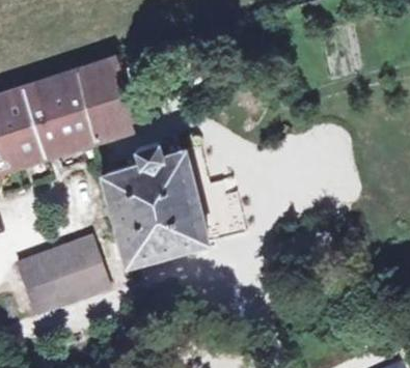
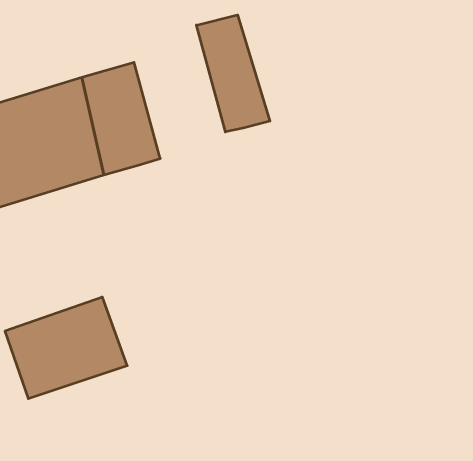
building: none -> [196,15,270,132]
building: [102,142,209,265] -> none

